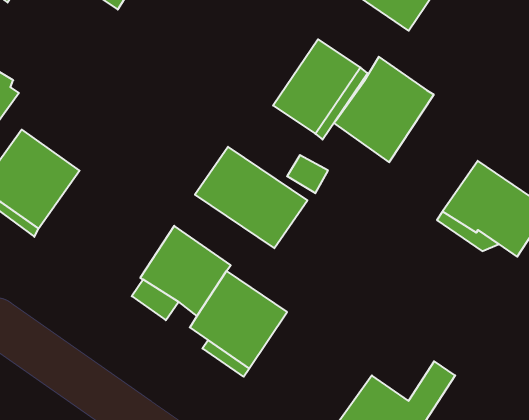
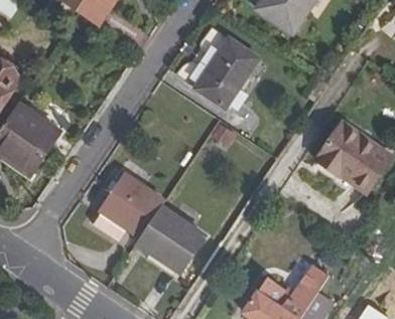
building: [334,57,434,162] -> none
building: [195,147,307,248] -> none

